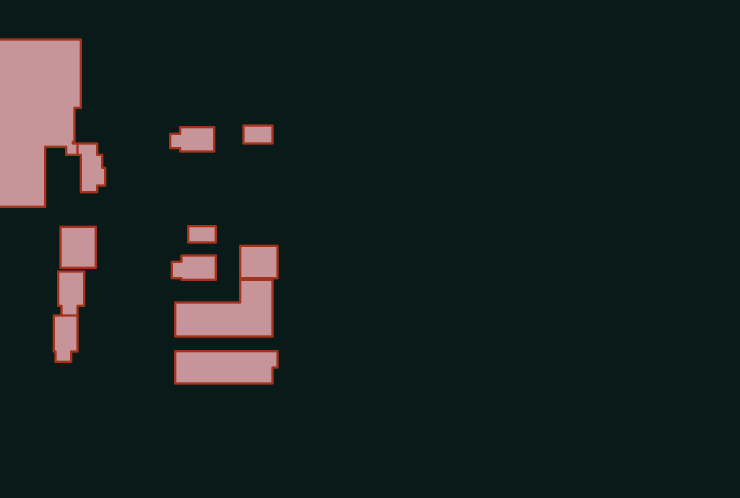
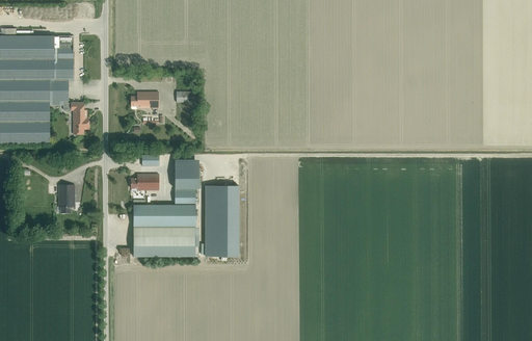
building: [60,227,96,268] -> none
building: none -> [214,185,237,256]
building: [54,315,78,362] -> none

